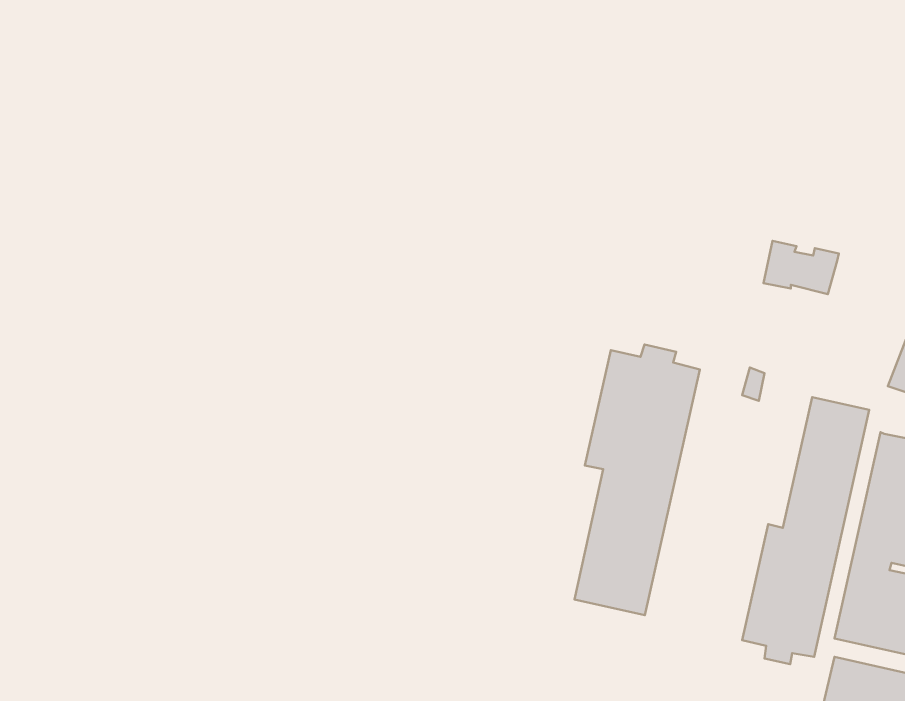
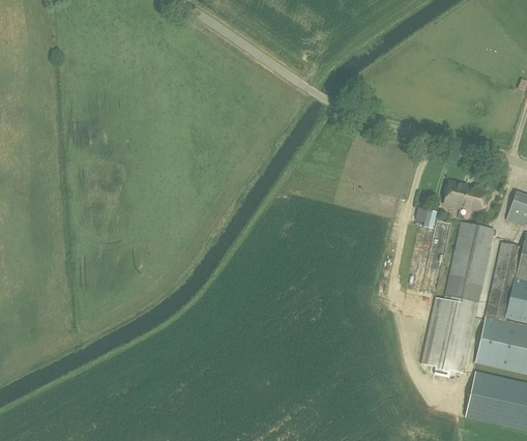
building: [763,241,839,294] -> [444,178,487,208]
building: [574,344,700,615] -> none

